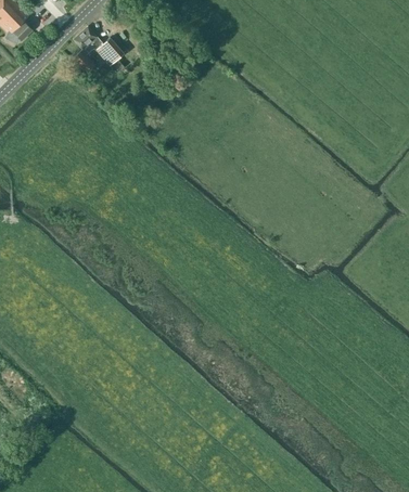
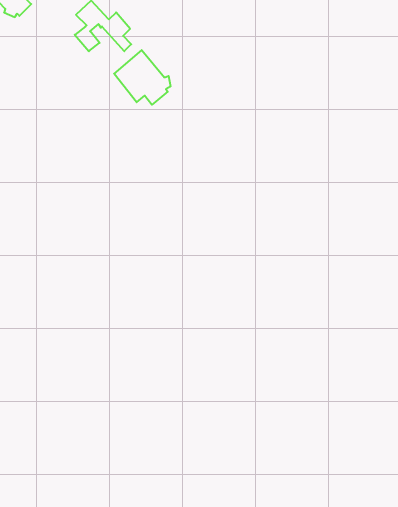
building: none -> [114,50,170,105]

